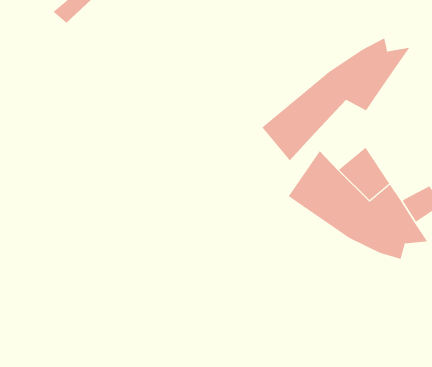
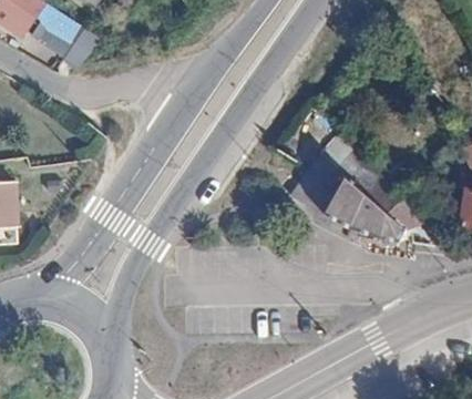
building: [262,38,411,161] -> none

